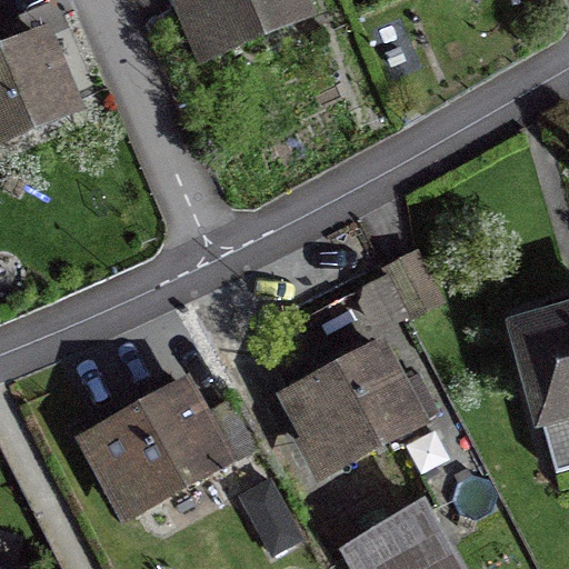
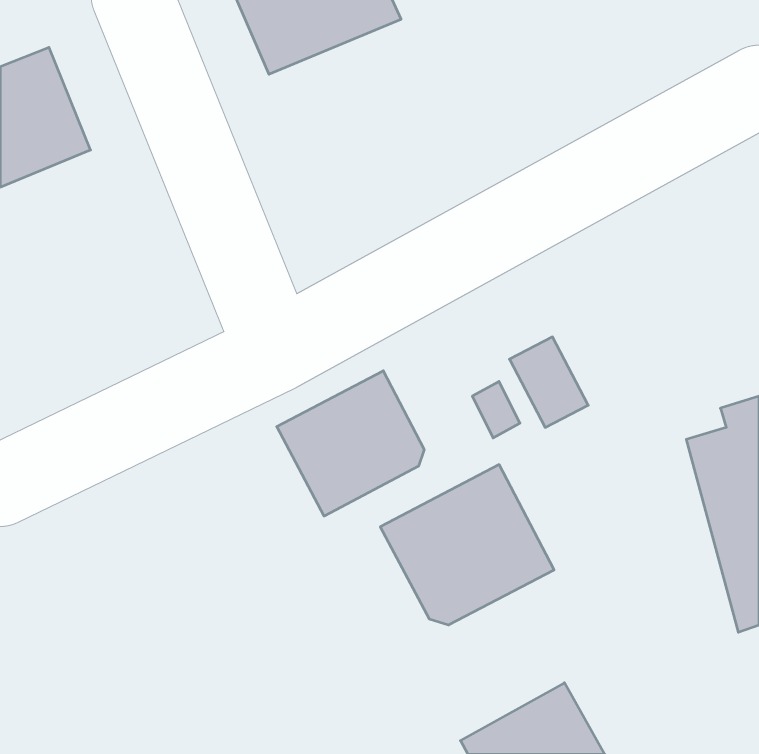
building: none -> [277,371,424,516]
building: [81,385,250,509] -> none

